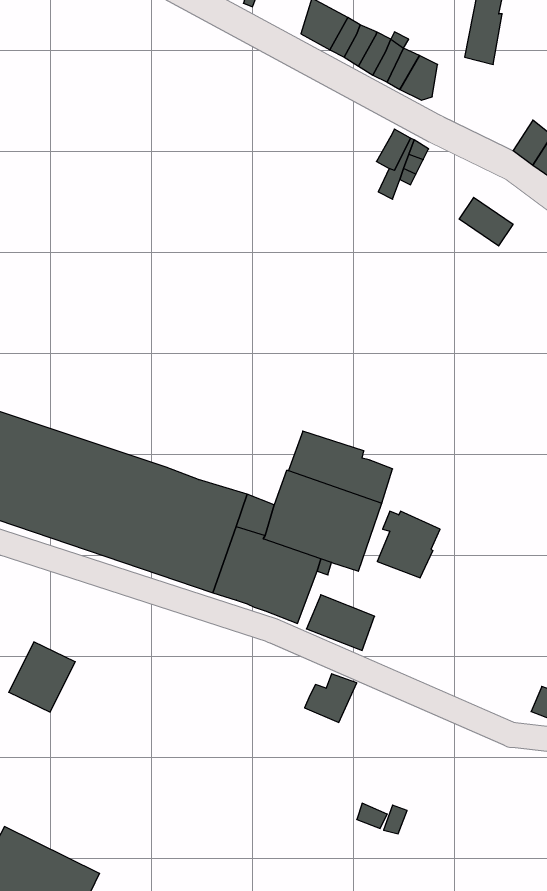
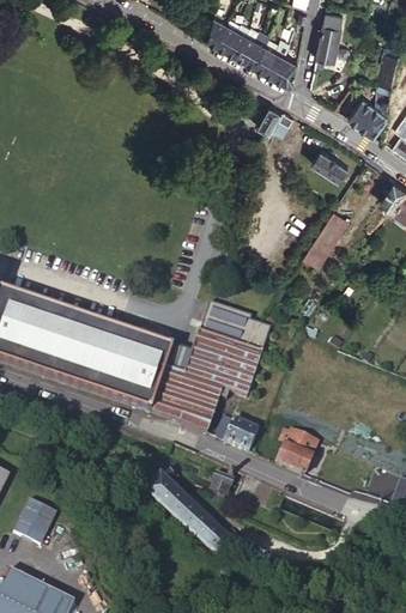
building: none -> [303,210,347,265]
building: [377,511,440,578] -> [277,427,319,472]
building: [9,642,75,712] -> [13,496,57,542]
building: none -> [151,478,232,553]

